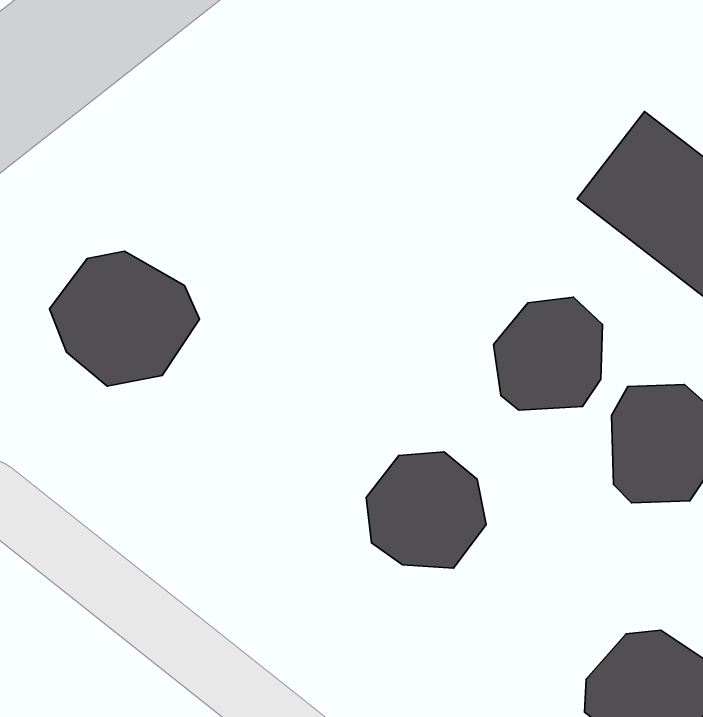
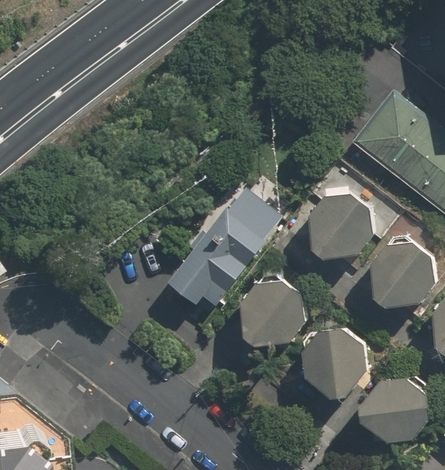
building: [50,251,200,386] -> none
building: none -> [167,189,283,307]
building: none -> [305,331,366,399]

